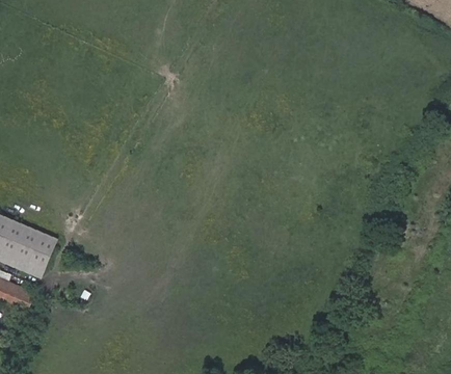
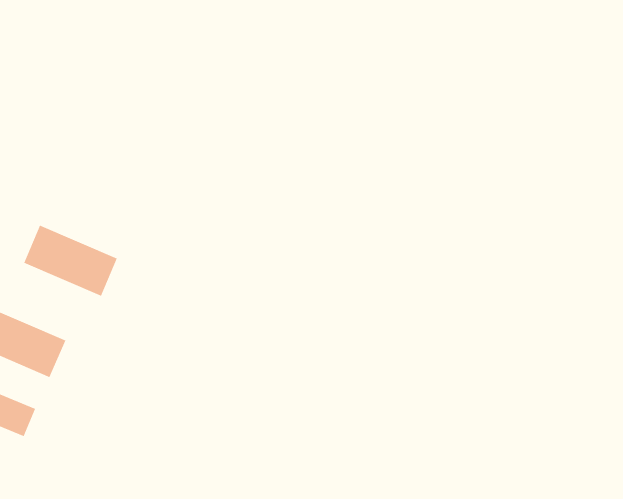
building: none -> [23,224,118,297]

